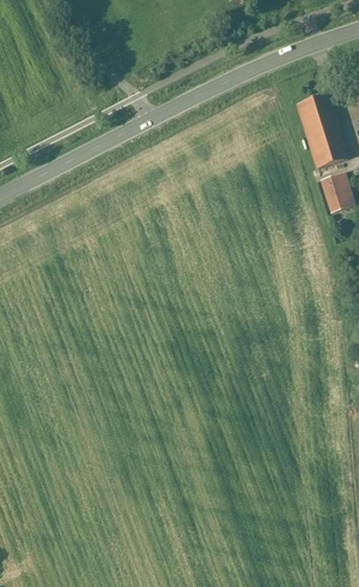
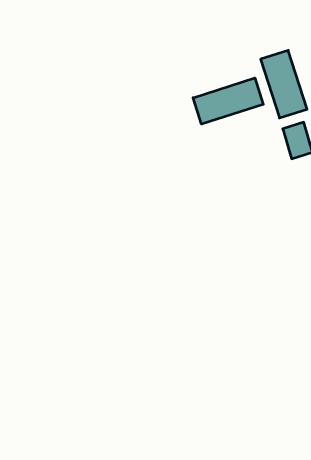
building: none -> [193,78,263,124]

